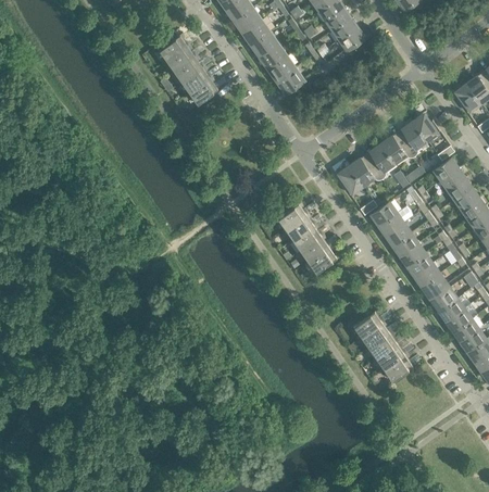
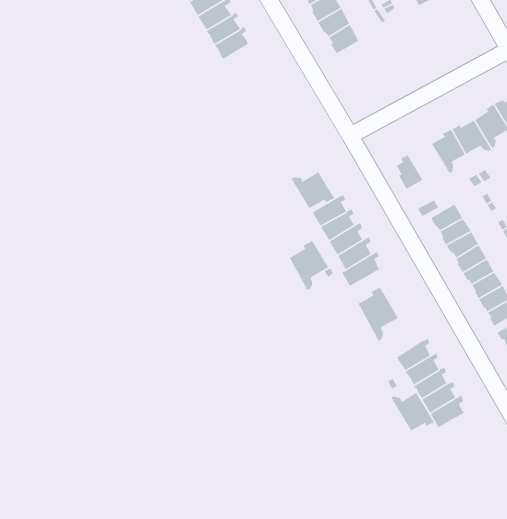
building: [348,156,383,186] -> none
building: none -> [290,171,335,209]
building: none -> [289,240,329,292]
building: none -> [358,286,399,343]
building: none -> [389,392,435,431]

